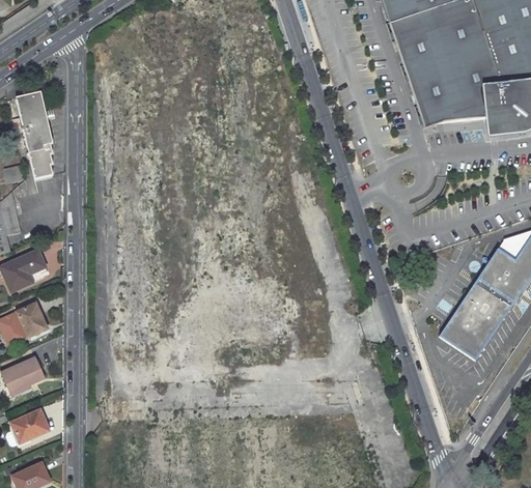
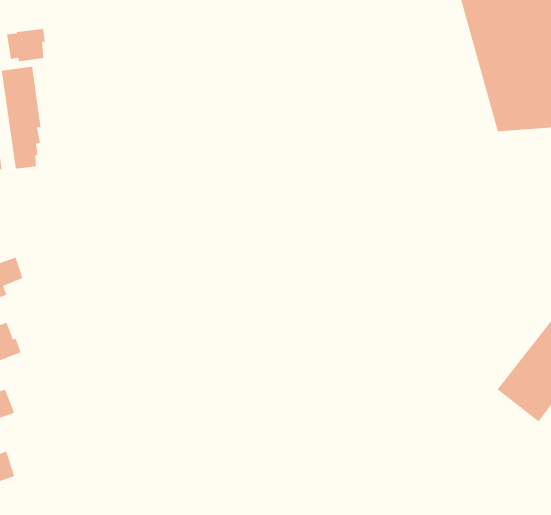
building: none -> [6,28,46,62]

